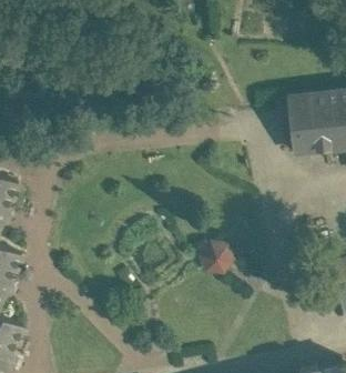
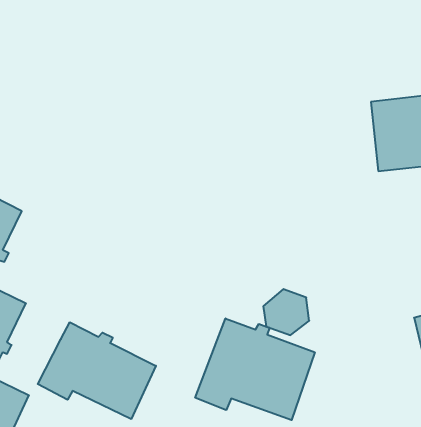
building: none -> [195,318,315,420]
building: none -> [38,322,156,419]

